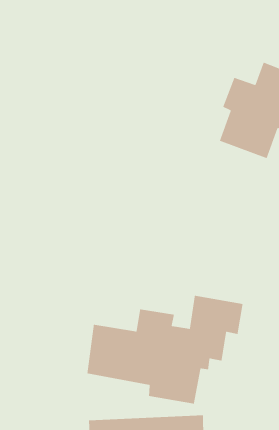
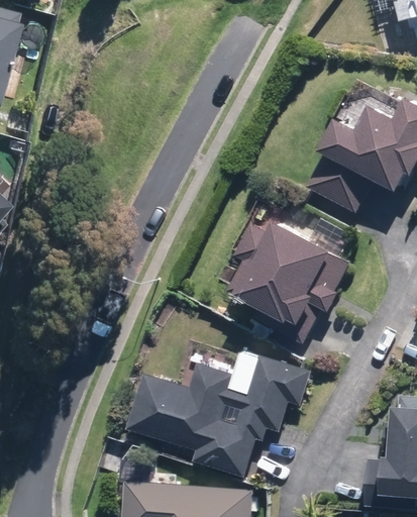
building: none -> [228,220,351,344]

